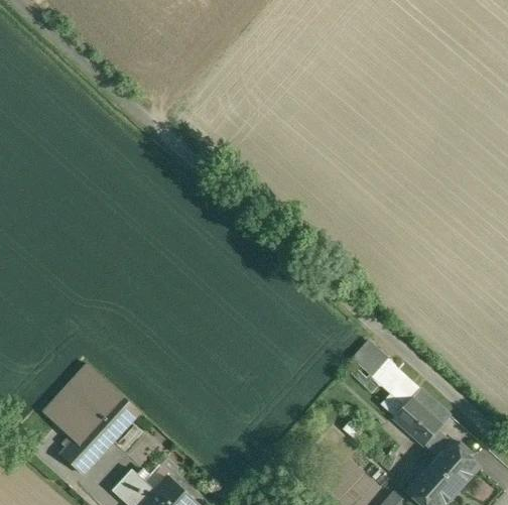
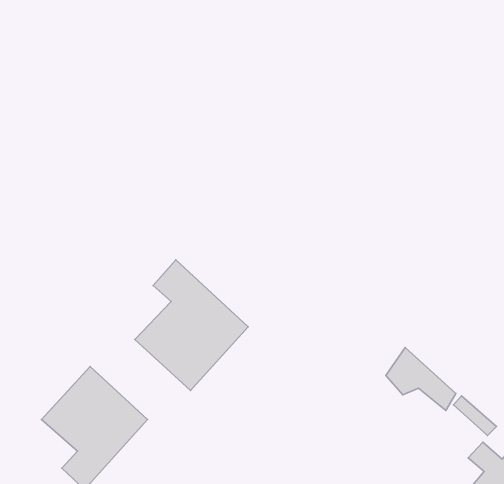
building: none -> [135,260,248,390]
building: [392,397,440,445] -> none

